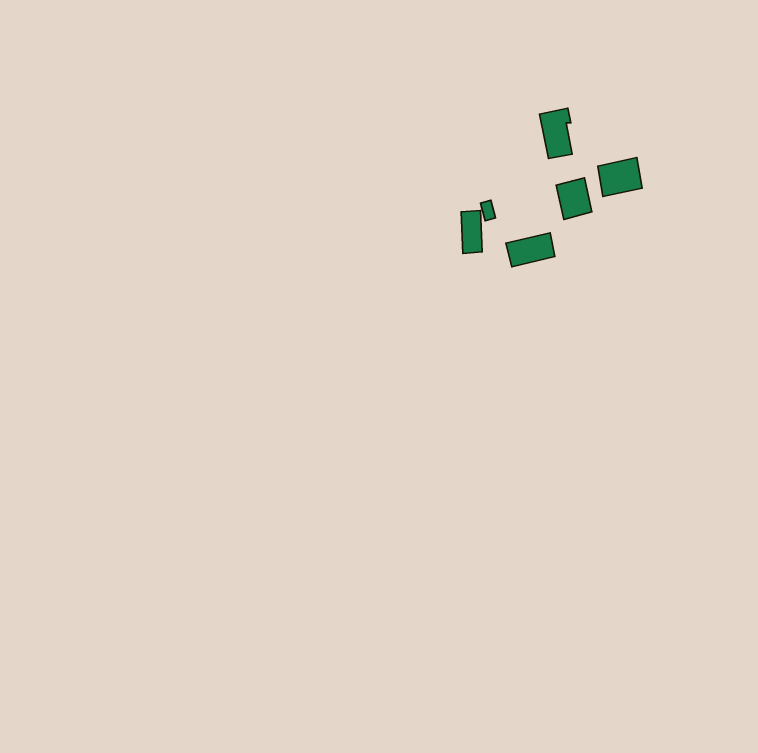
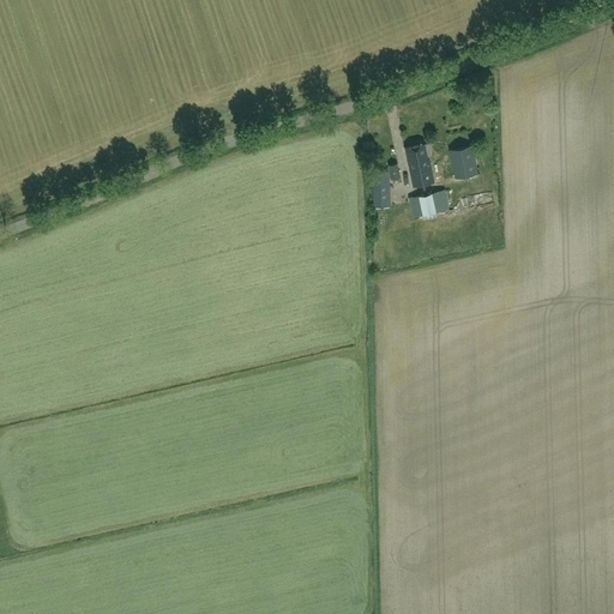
building: [540,108,572,158] -> [407,146,433,187]
building: [598,158,642,197] -> none

